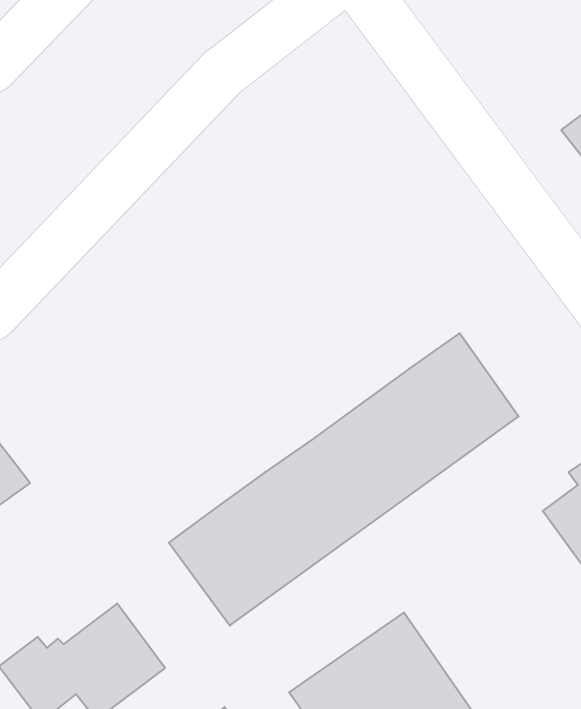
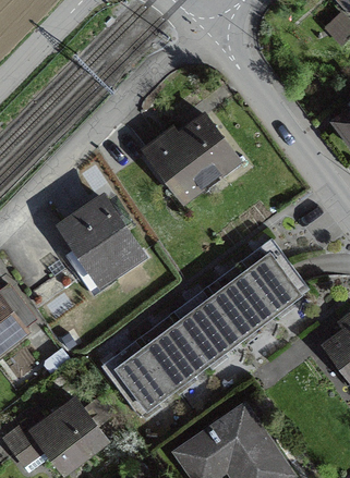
building: none -> [144,118,237,201]
building: none -> [62,200,138,291]

